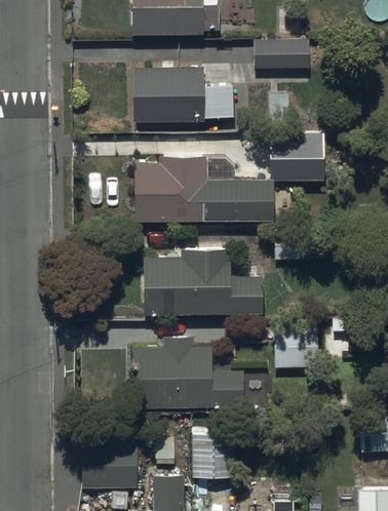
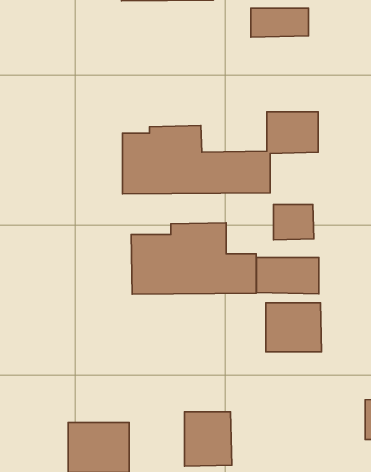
building: [130,67,233,123] -> none
building: none -> [256,258,319,294]
building: [133,337,244,414] -> none

